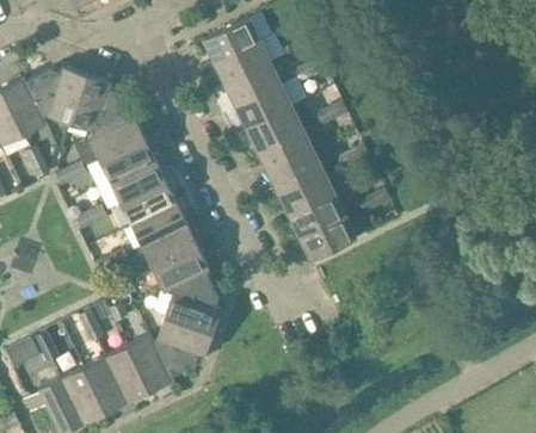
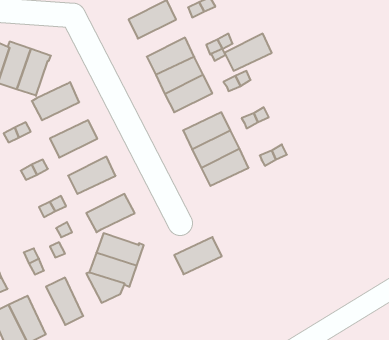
building: [214,41,270,85] -> none
building: [93,89,130,134] -> none
building: [257,128,313,172] -> [224,34,272,71]
building: [100,138,155,181] -> none
building: [121,181,177,225] -> none
building: [300,216,356,260] -> [174,237,222,274]
building: [142,225,198,270] -> none
building: [171,272,218,308] -> none
building: [128,334,172,391] -> none
building: [84,357,128,413] -> none

